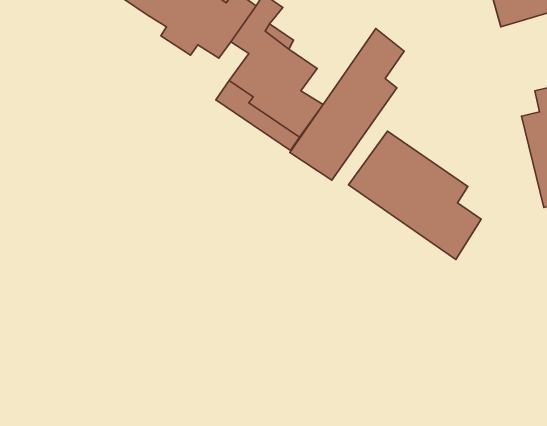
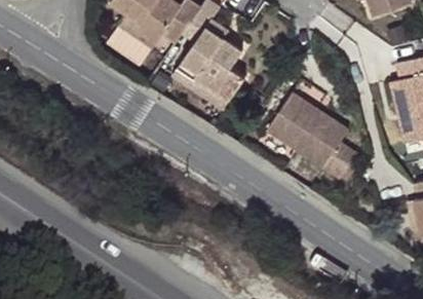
building: none -> [108,12,156,62]
building: [290,28,404,180] -> none

